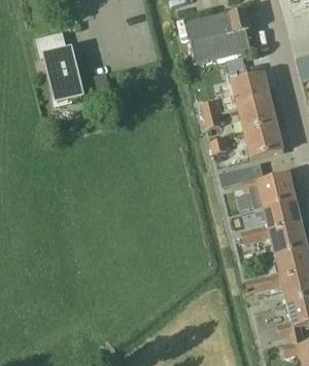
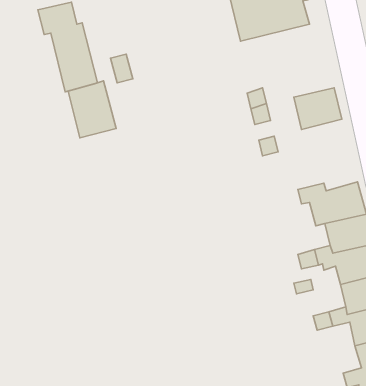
building: [232,73,270,106] -> none
building: none -> [68,81,116,138]
building: [244,123,283,157] -> none

